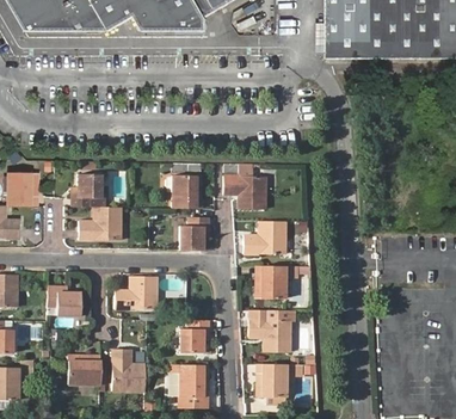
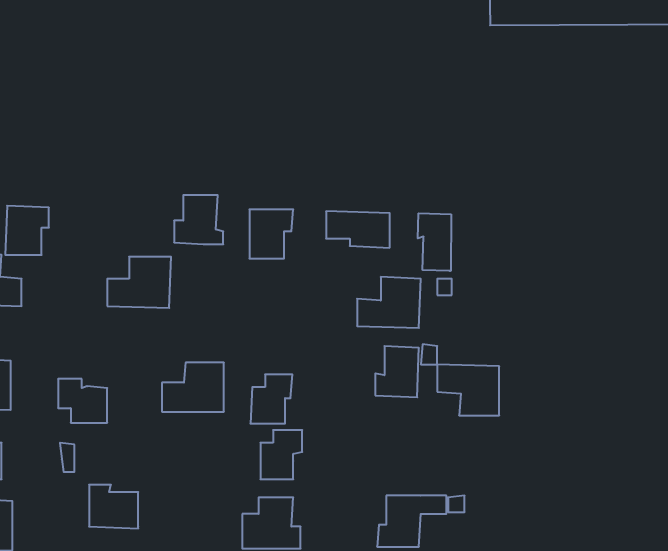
building: [72,174,104,207] -> [174,195,223,244]
building: none -> [418,213,451,271]
building: [179,217,207,249] -> [250,374,292,424]
building: [247,319,288,352] -> [437,364,499,415]
building: [112,349,144,392] -> none

